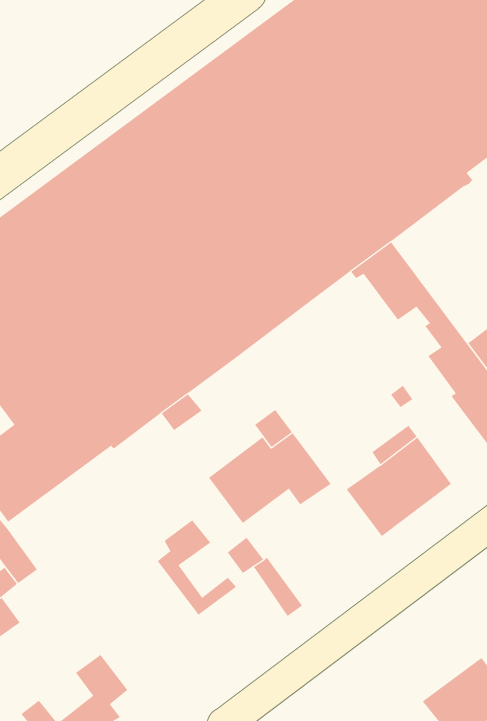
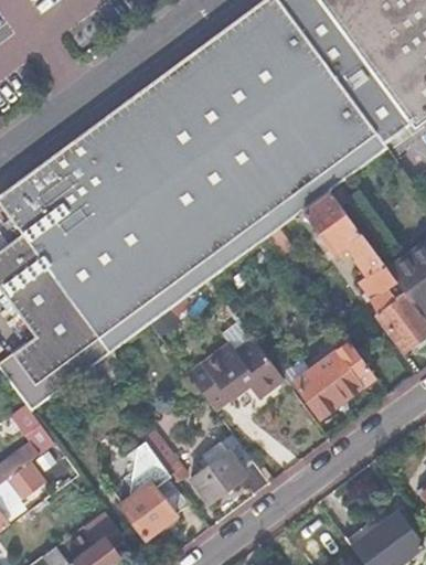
building: none -> [119,441,190,539]
building: none -> [191,454,247,508]

